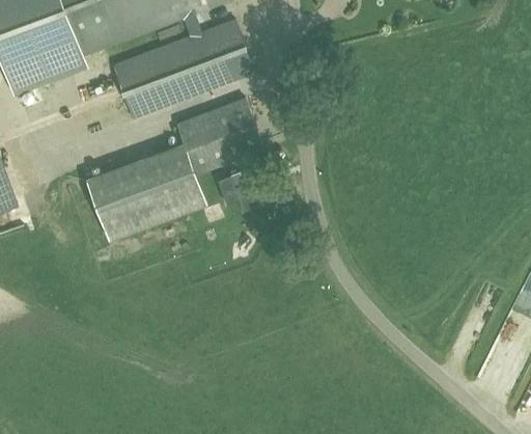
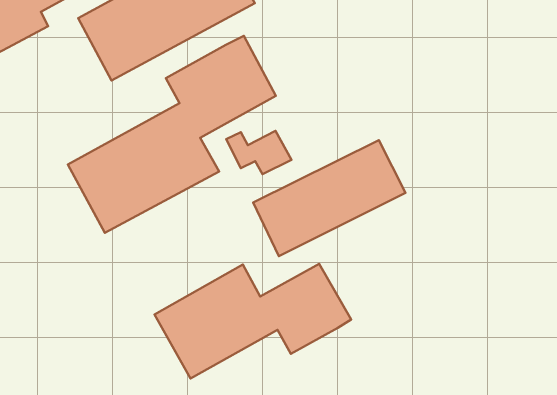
building: none -> [253,140,405,256]
building: none -> [154,264,351,379]

